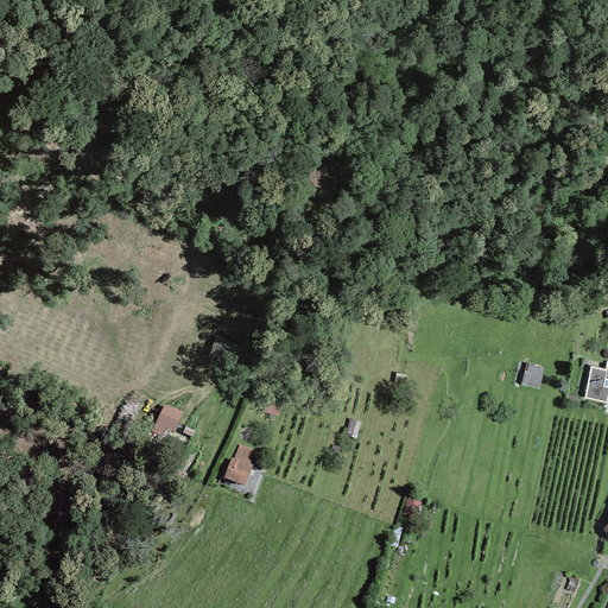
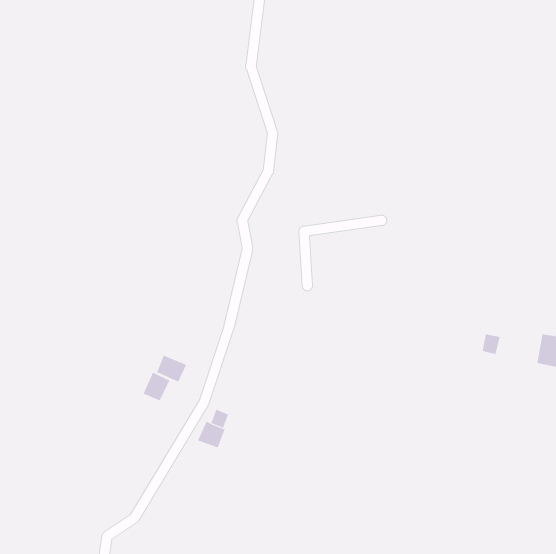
building: none -> [156,355,187,383]

